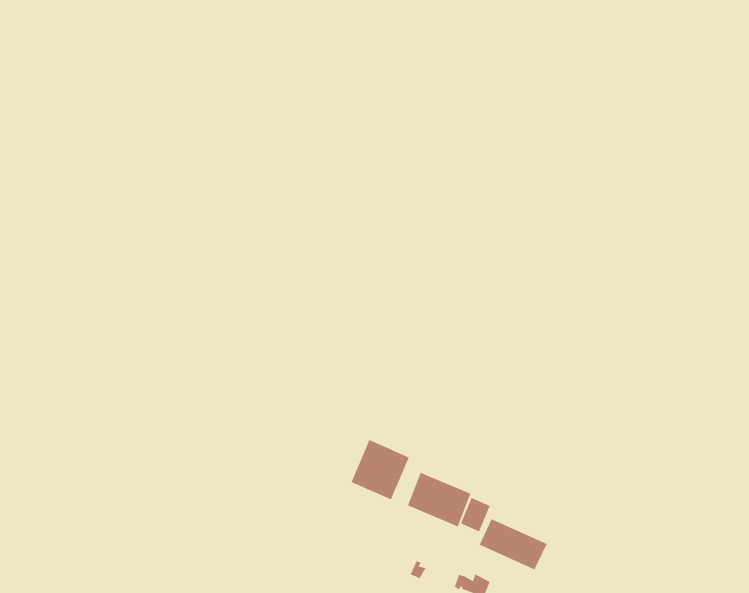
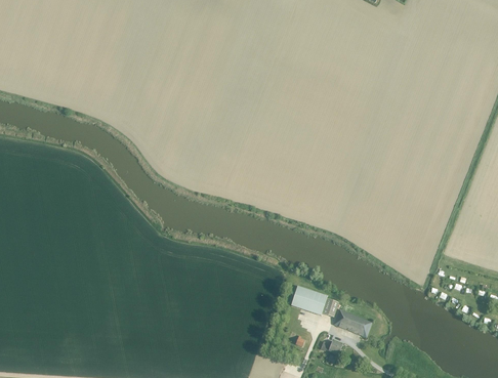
building: [351,439,409,500] -> none

